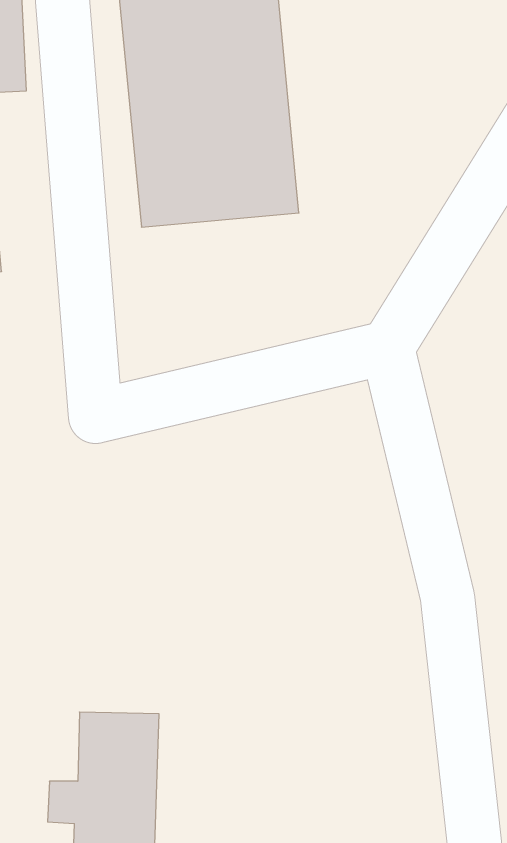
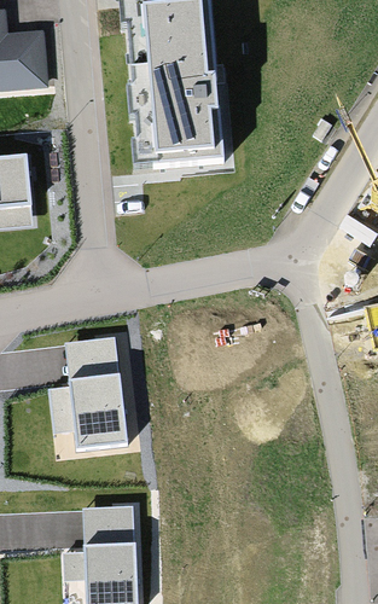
building: none -> [50,341,126,452]

